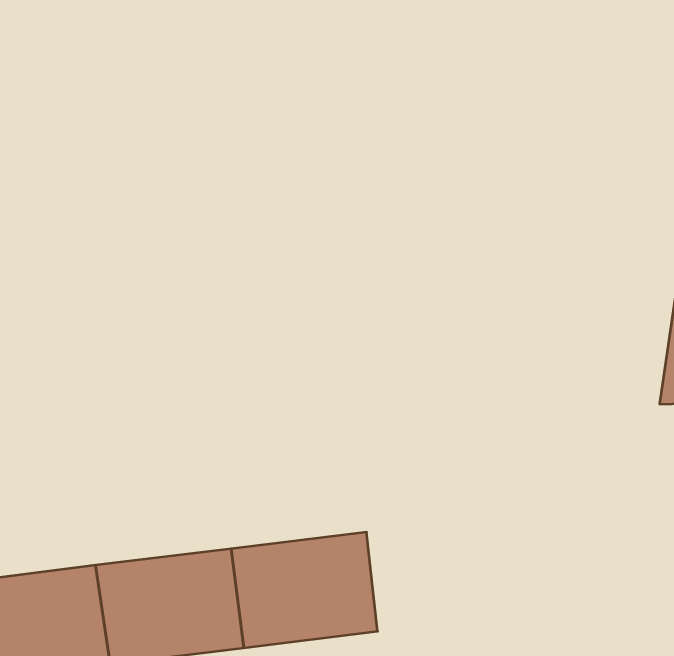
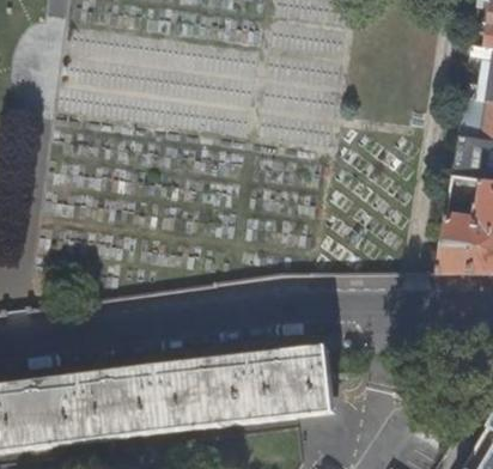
building: none -> [250,345,336,420]

